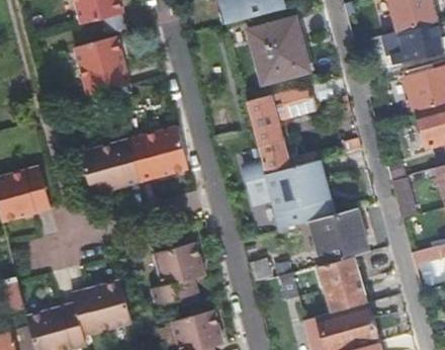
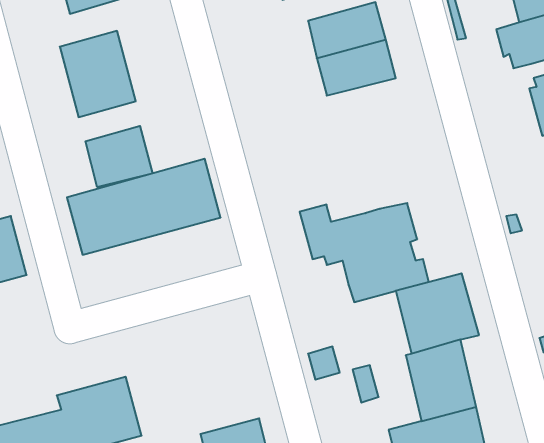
building: [246,84,315,171] -> none
building: none -> [85,126,152,187]
building: [153,242,204,304] -> none

